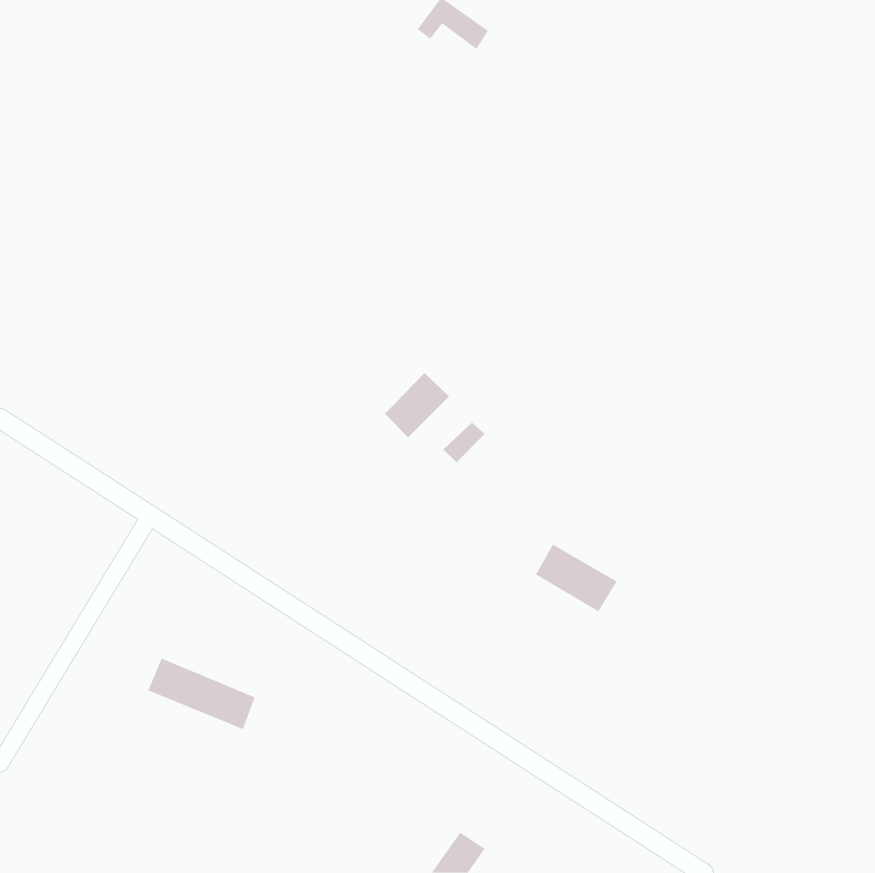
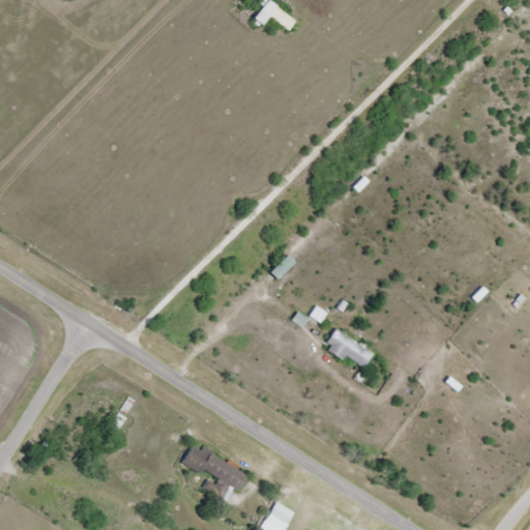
building: [384,372,450,438] -> none
building: [148,658,256,730] -> [183,445,248,489]

